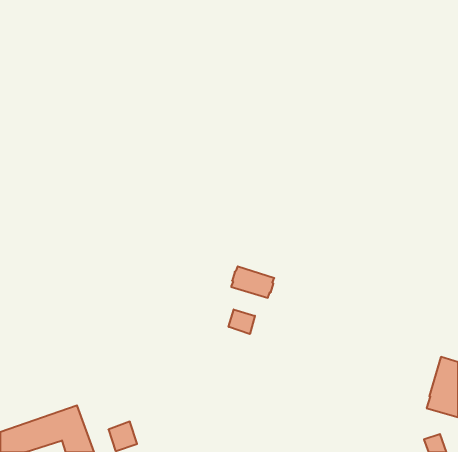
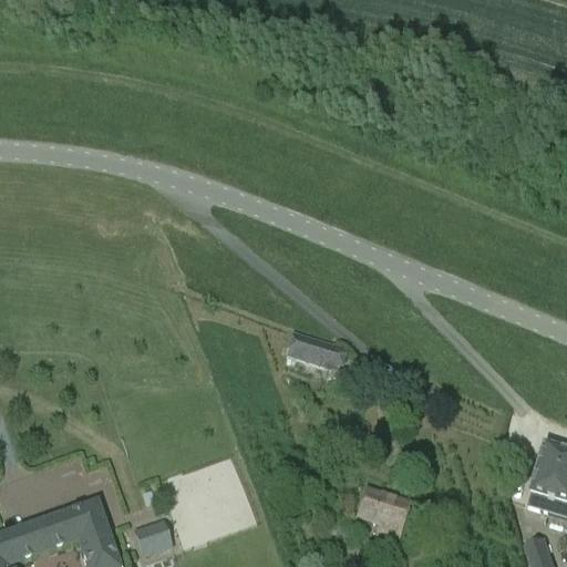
building: [229,309,255,334] -> none
building: none -> [359,487,409,534]

